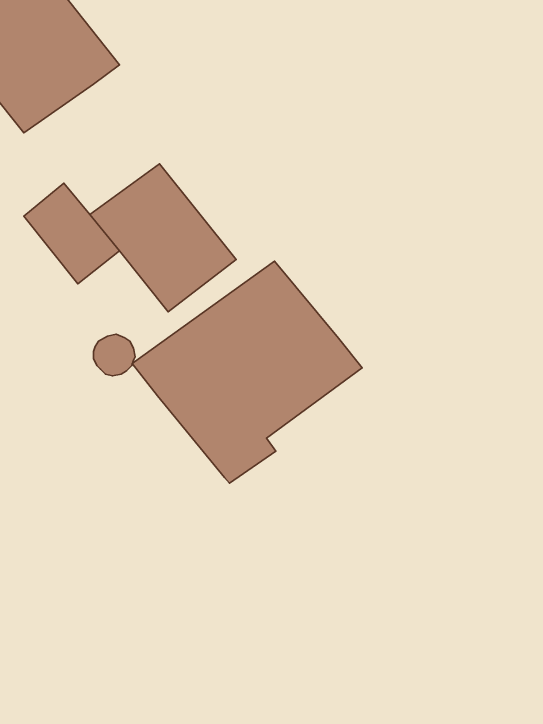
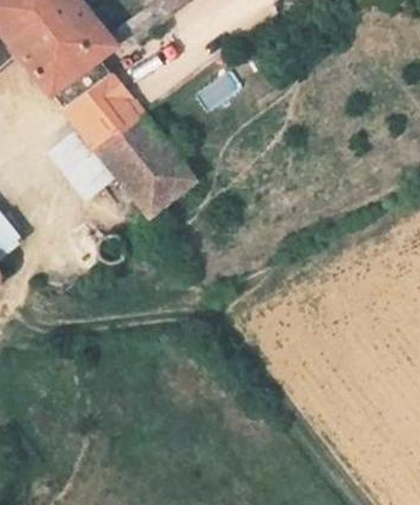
building: none -> [50,60,144,150]
building: [132,261,362,483] -> none

